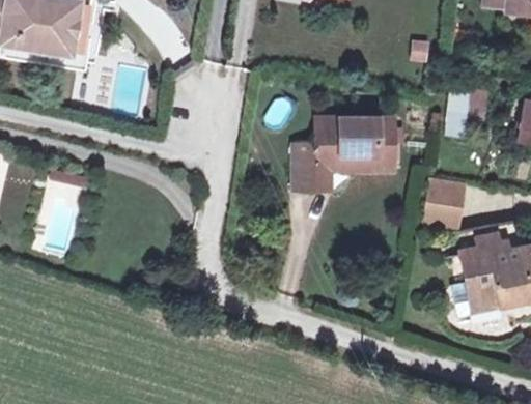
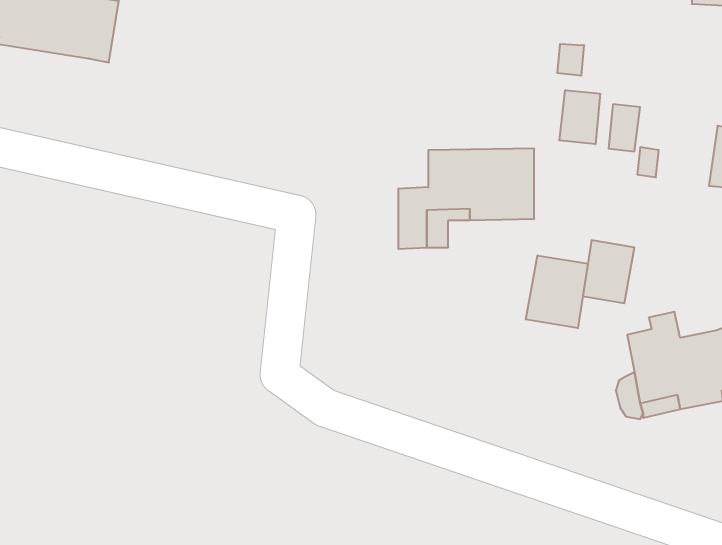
building: none -> [559,90,600,144]
building: none -> [526,255,588,328]

